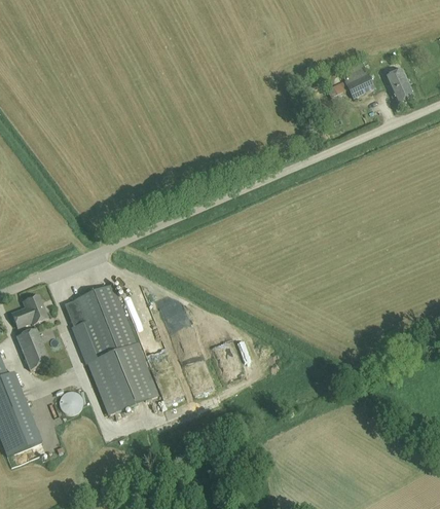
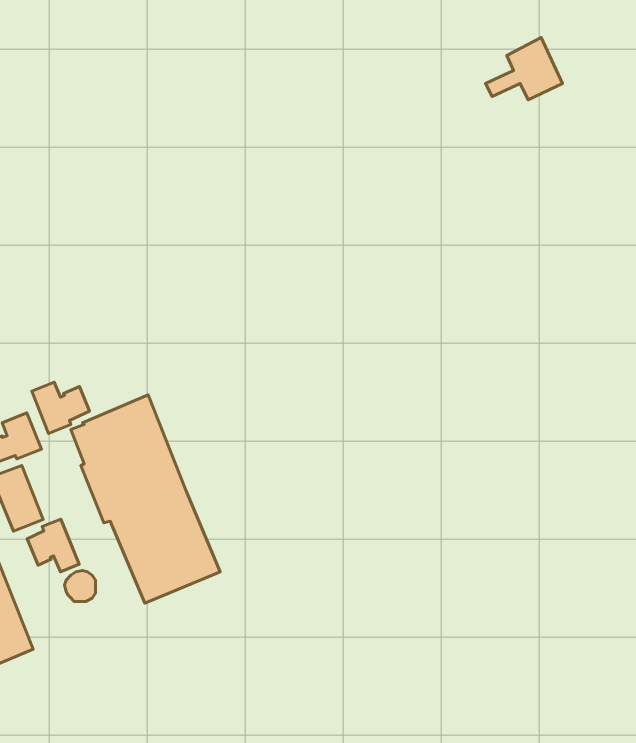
building: [387,70,415,104] -> none
building: none -> [32,382,90,433]
building: none -> [27,519,79,572]

